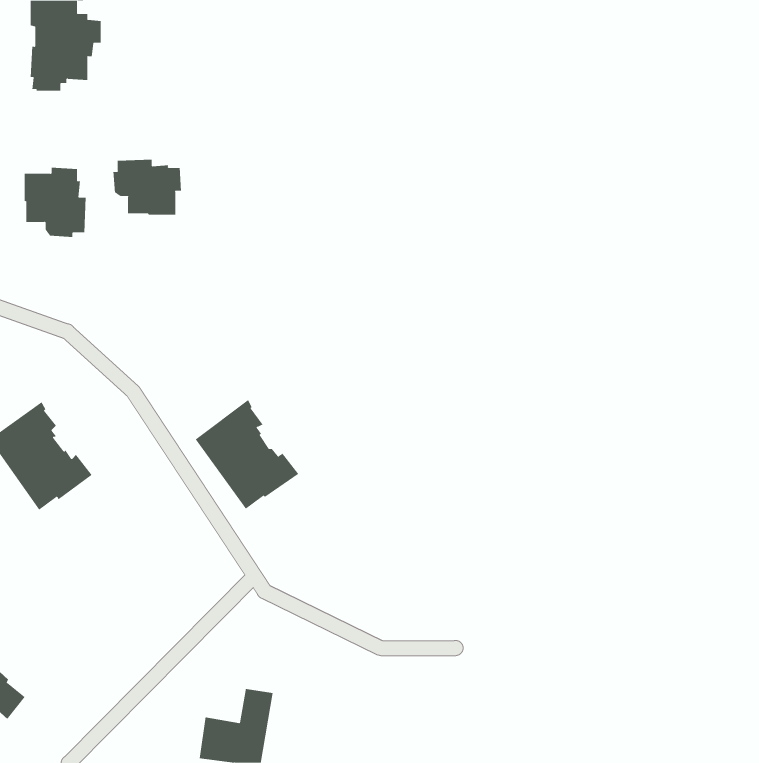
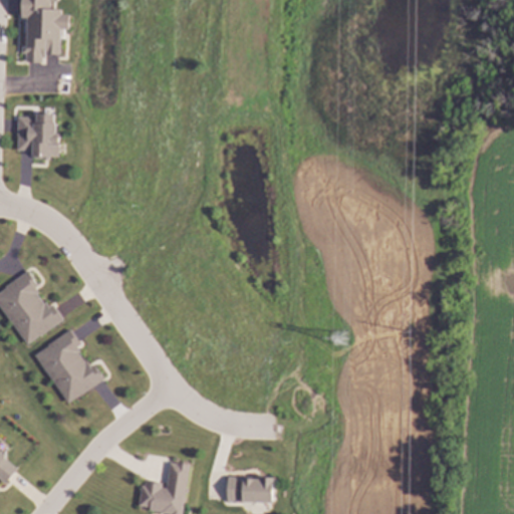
building: [113,159,182,216] -> none
building: [195,399,299,510] -> [34,328,104,403]
building: none -> [221,478,268,502]

